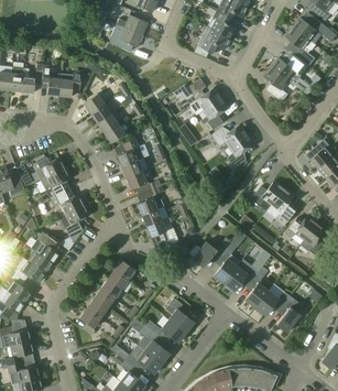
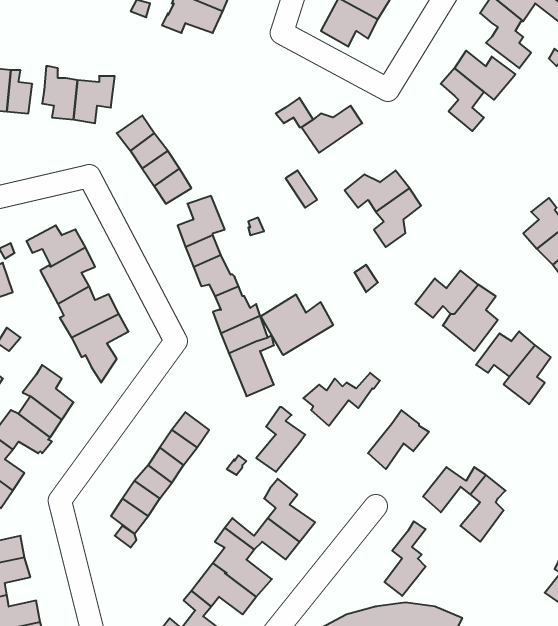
building: [201,98,229,131] -> none
building: none -> [261,294,333,355]
building: [214,247,241,283] -> [256,407,305,472]
building: [246,265,269,307] -> [384,521,426,596]

